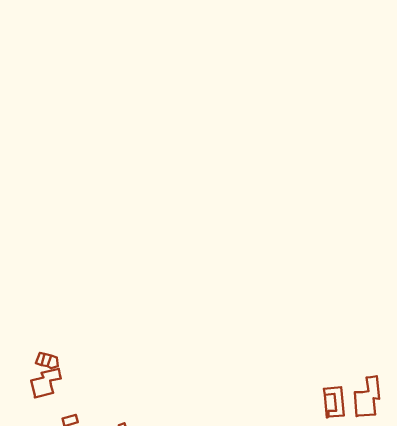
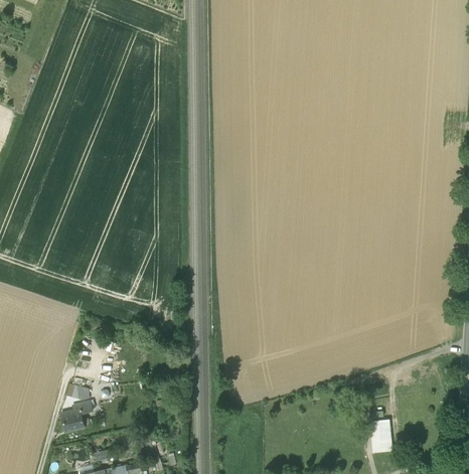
building: [355,376,379,416] -> none

